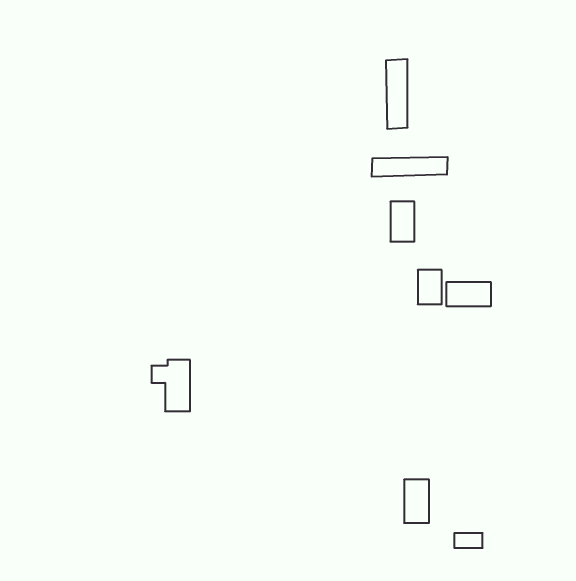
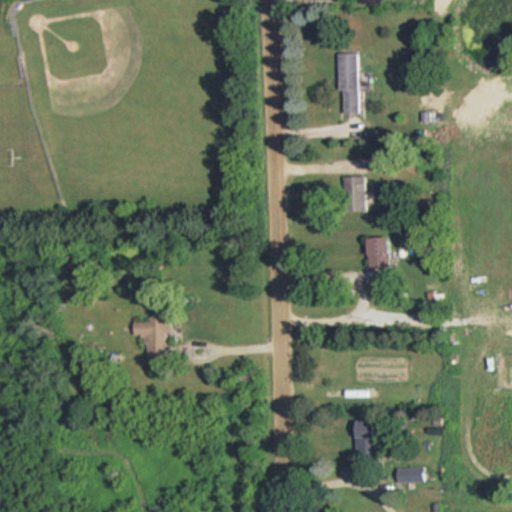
building: [372,157,448,177] -> none
building: [447,282,491,306] -> none

